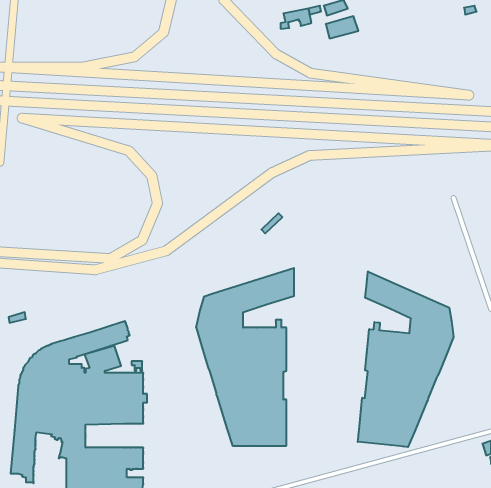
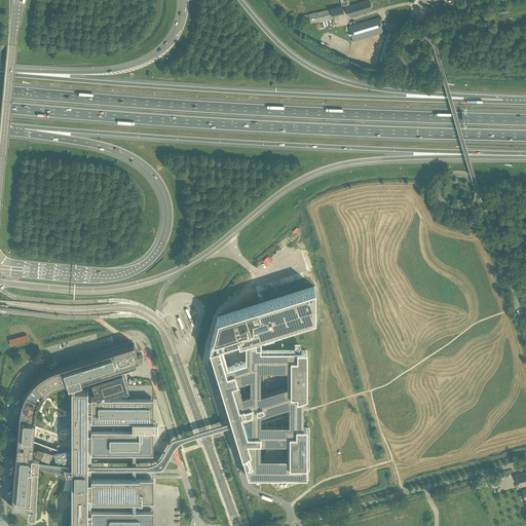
building: [358,271,453,447] -> none

